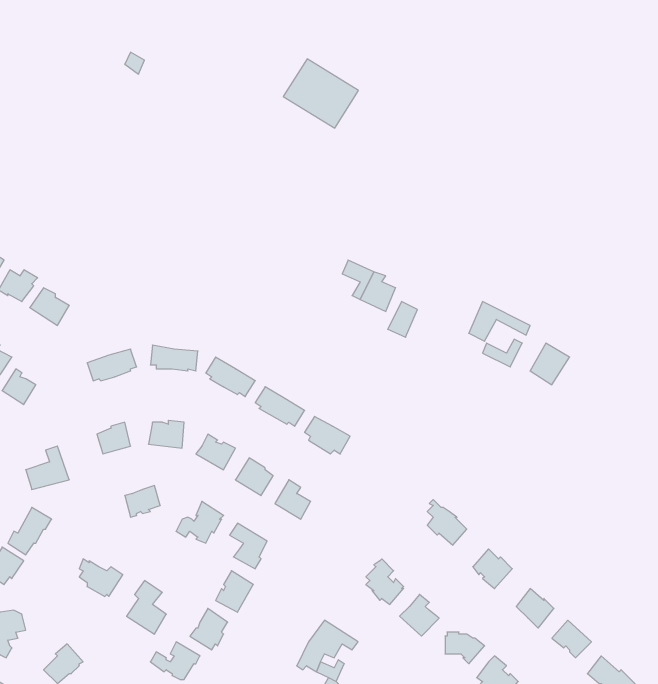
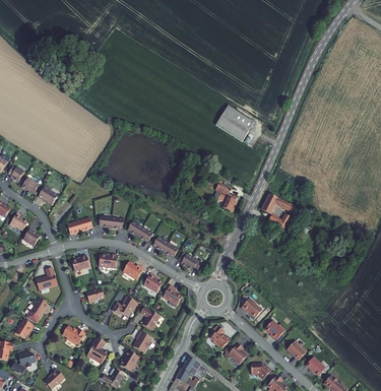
building: [283,59,358,128] -> [215,106,254,141]

